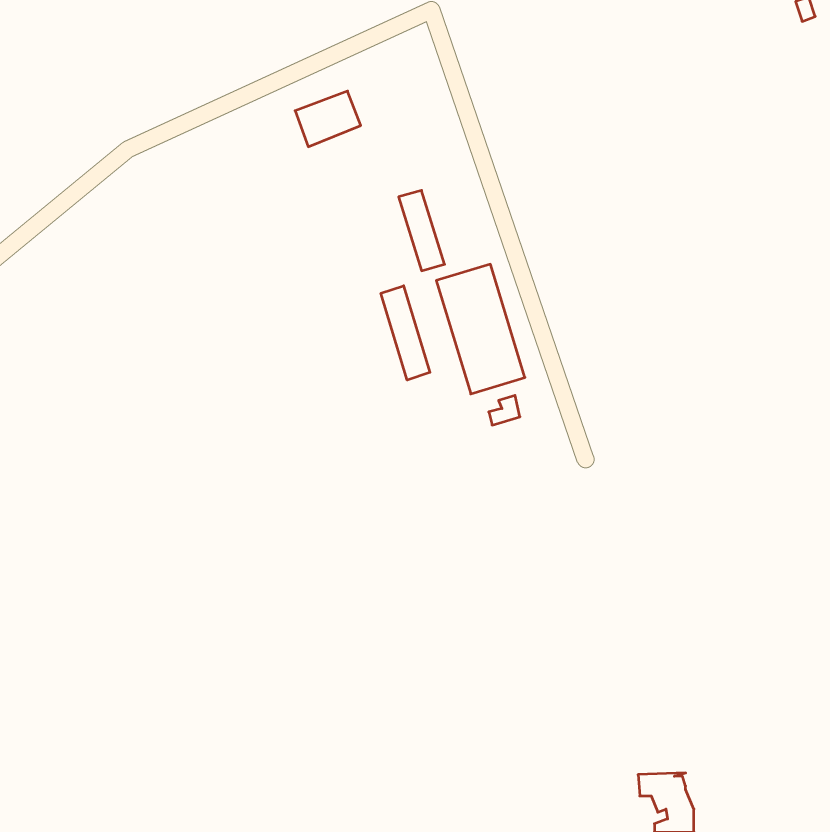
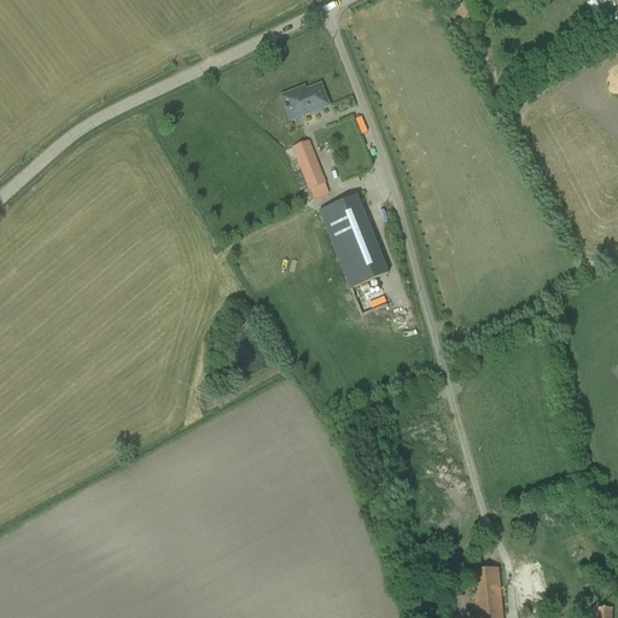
building: [295,91,361,147] -> [273,77,321,118]
building: [381,286,430,380] -> none

